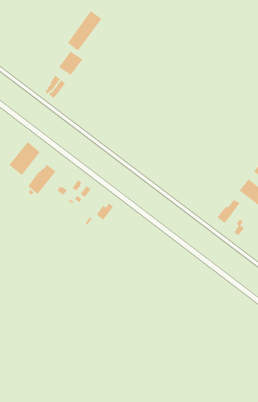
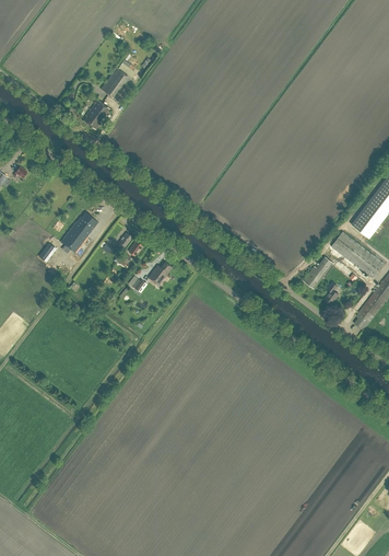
building: [67,10,102,52] -> none
building: [8,141,41,176] -> none

